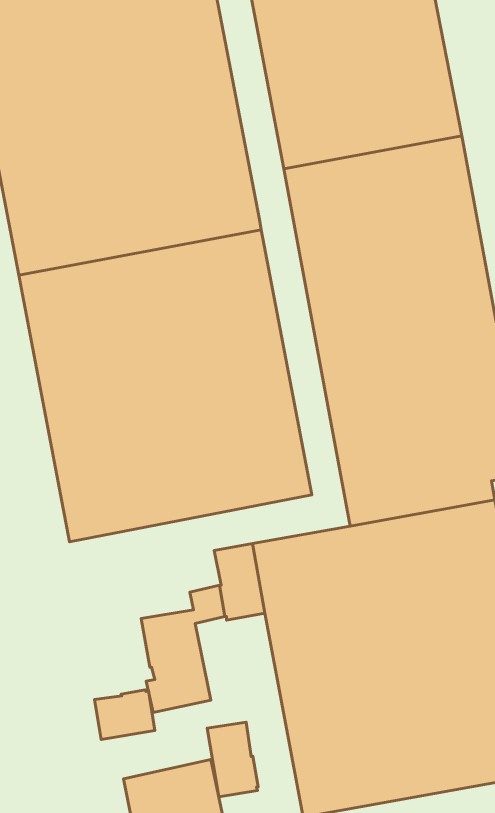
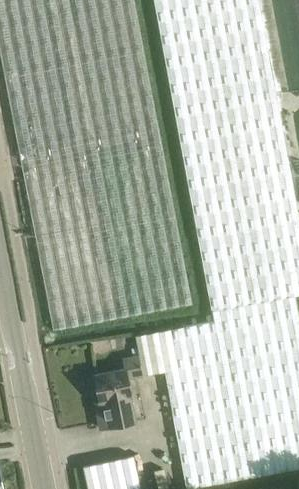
building: [95,690,155,739] -> none
building: [207,722,258,797] -> none

